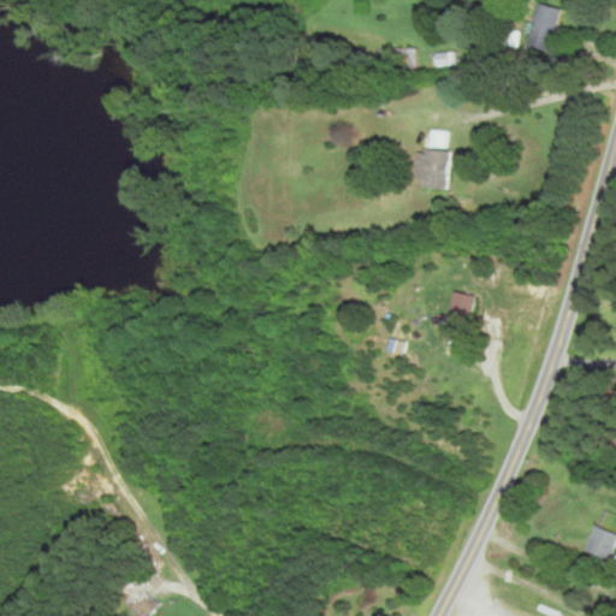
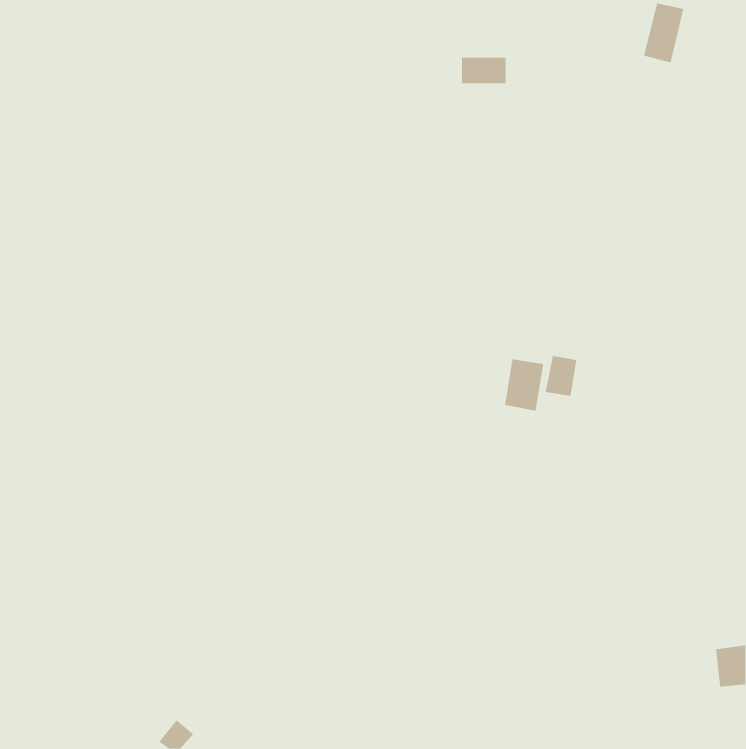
building: [413,129,450,188] -> none
building: none -> [505,359,544,411]

